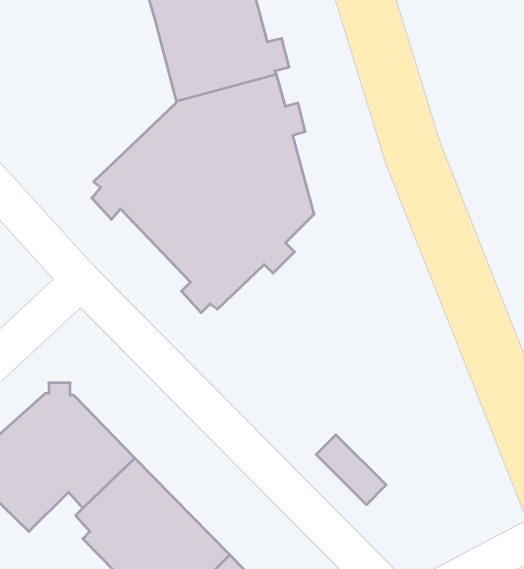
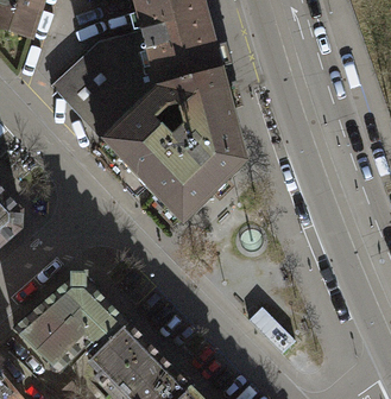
building: none -> [50,32,154,140]

